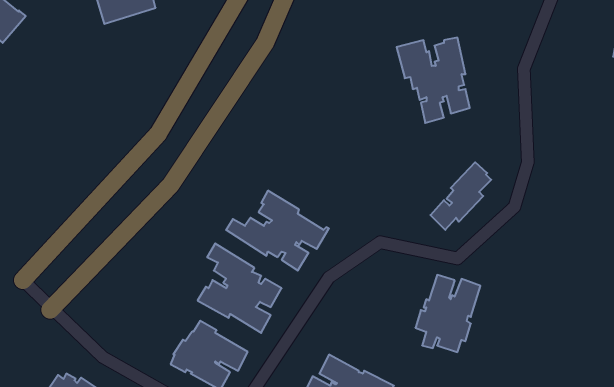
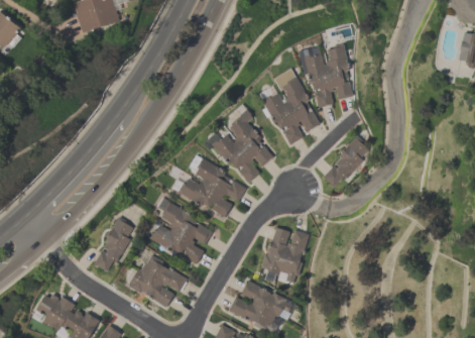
building: none -> [262,68,320,143]
building: none -> [208,108,273,182]
building: none -> [94,216,133,270]
building: [415,275,480,352] -> [260,227,309,285]

